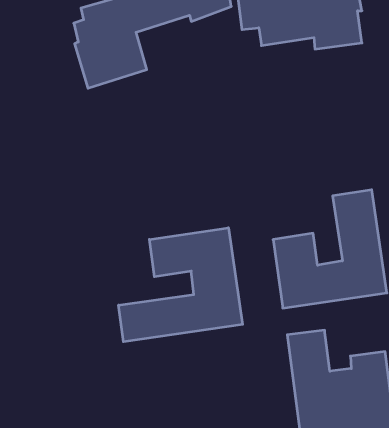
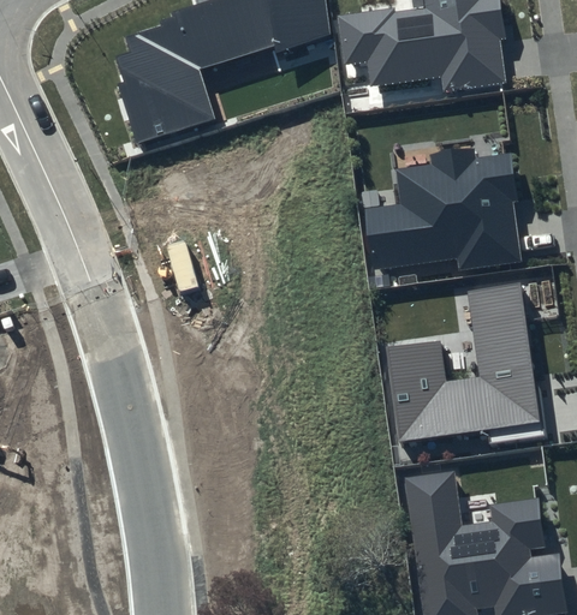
building: none -> [364,148,521,271]
building: [119,228,243,342] -> none

